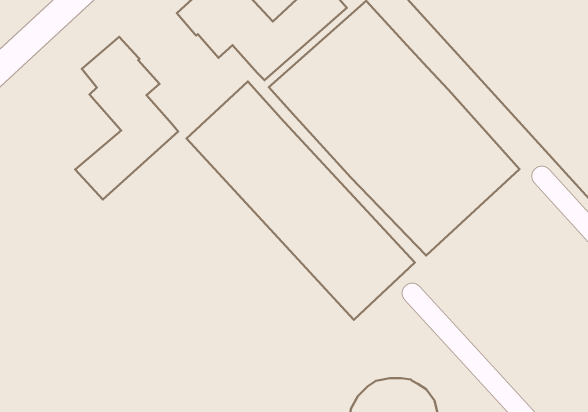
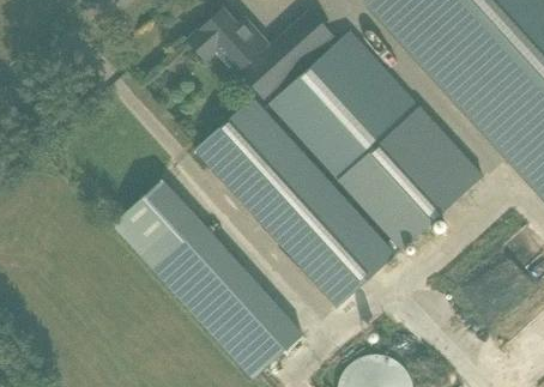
building: [75,37,178,200] -> none
building: none -> [111,179,302,379]

